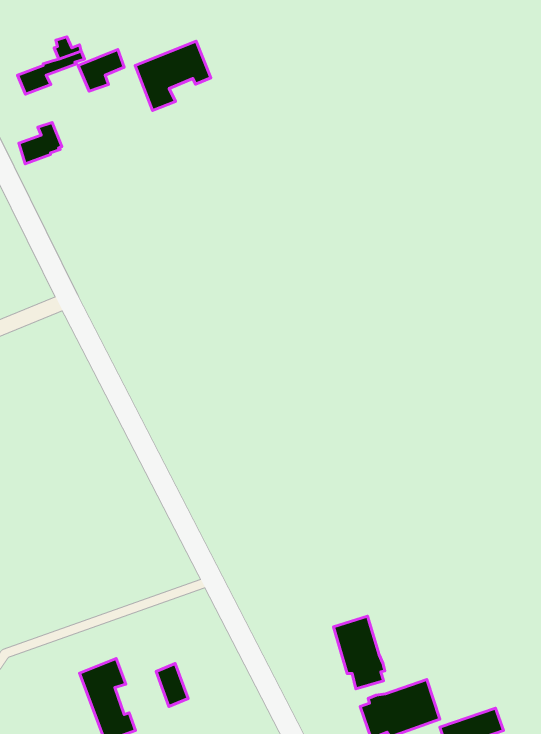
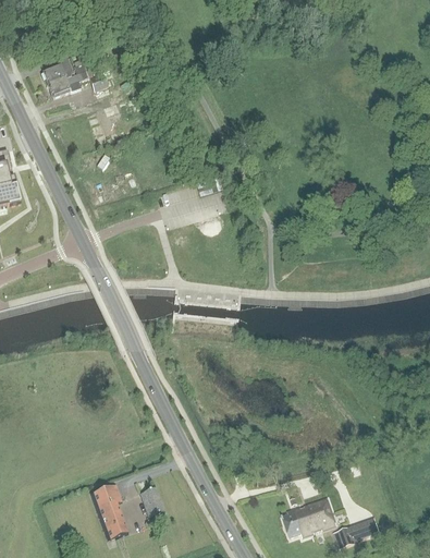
building: [135,41,211,111] -> none
building: [19,123,62,164] -> [44,56,73,84]
building: [334,616,385,689] -> none

